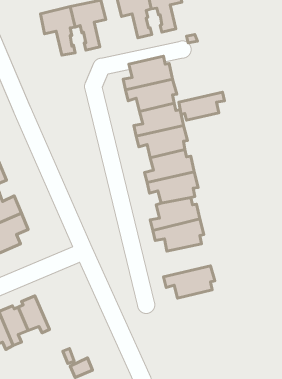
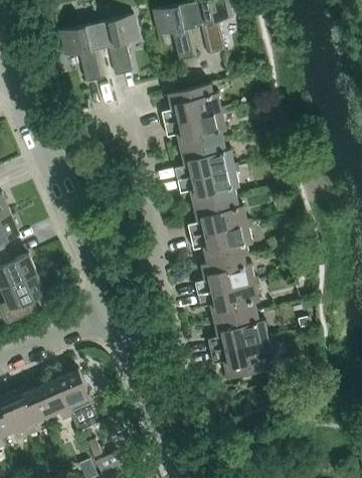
building: [179,92,225,120] -> none
building: none -> [207,312,267,352]
building: none -> [53,368,90,417]

